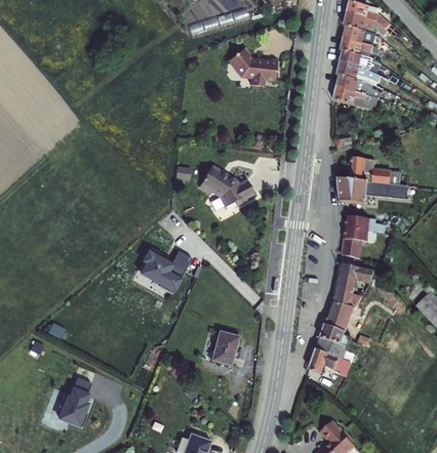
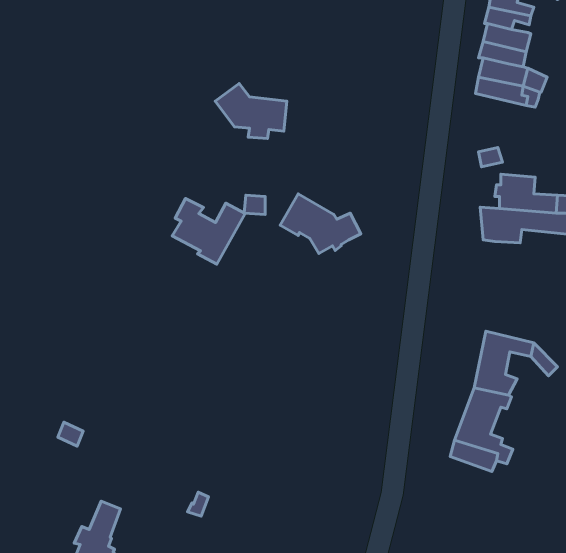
building: [228,49,277,87] -> [215,83,287,139]
building: [342,214,386,256] -> none
building: [138,249,189,294] -> [172,199,245,264]
building: [210,331,237,365] -> none
building: [308,347,349,372] -> none

